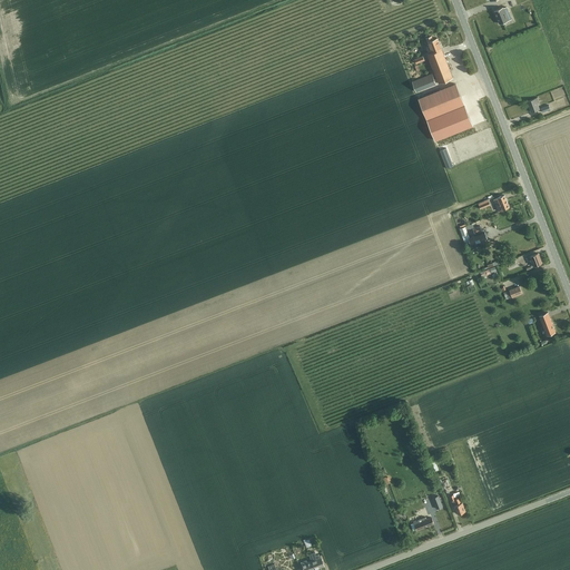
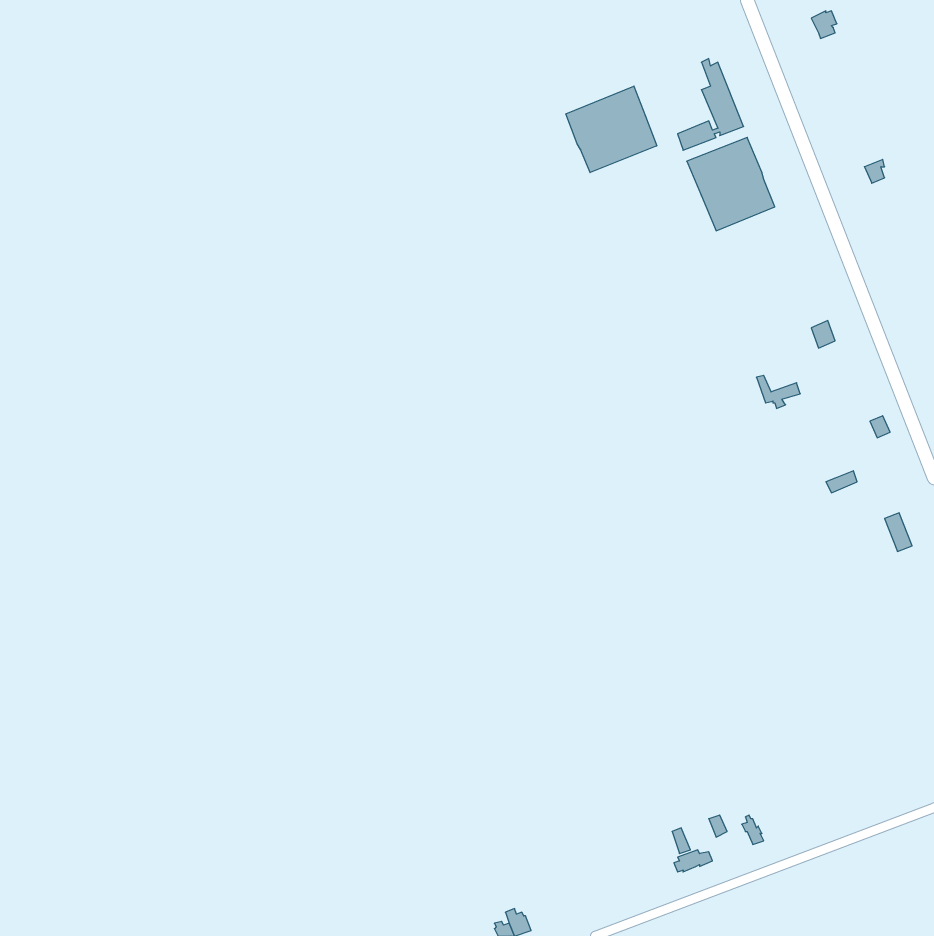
building: none -> [566,86,657,173]

